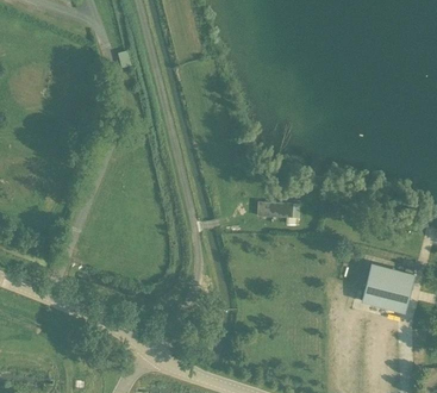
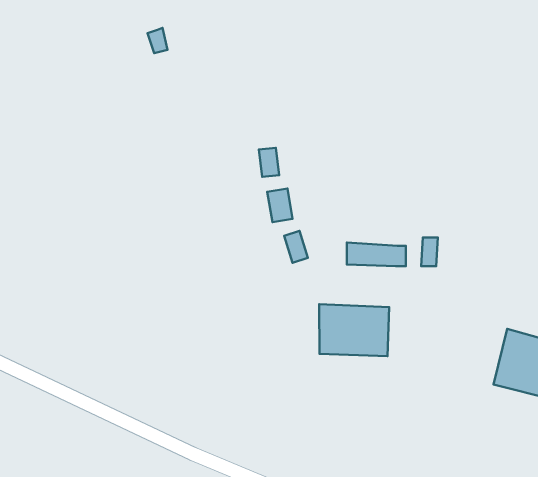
building: none -> [319,304,389,356]

